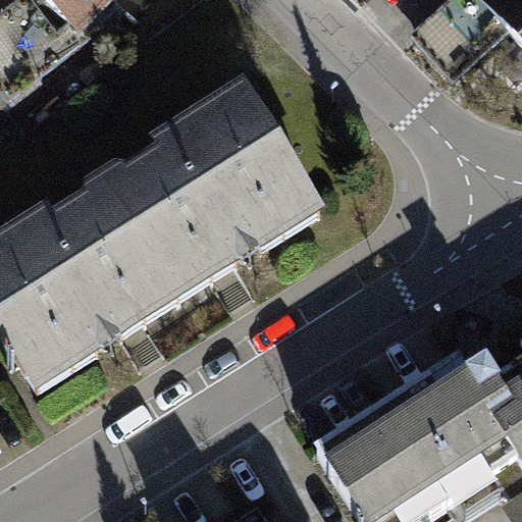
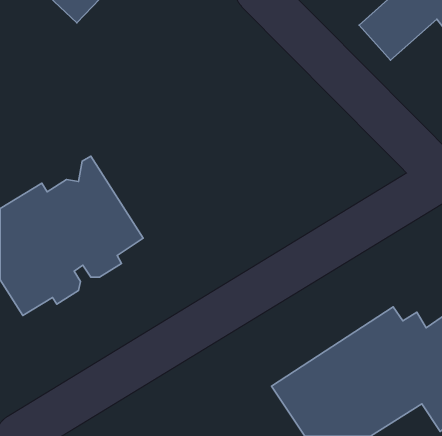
building: [111,90,315,278] -> none

